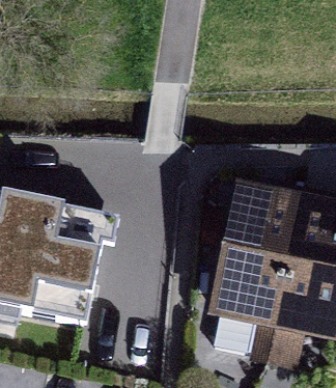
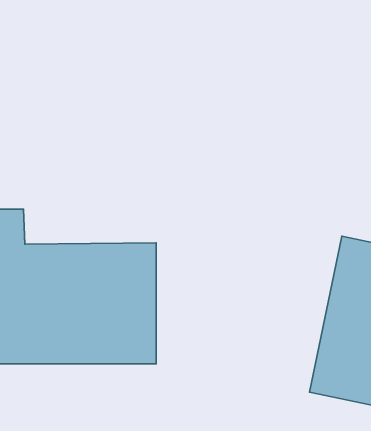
building: [208,189,296,328] -> none

